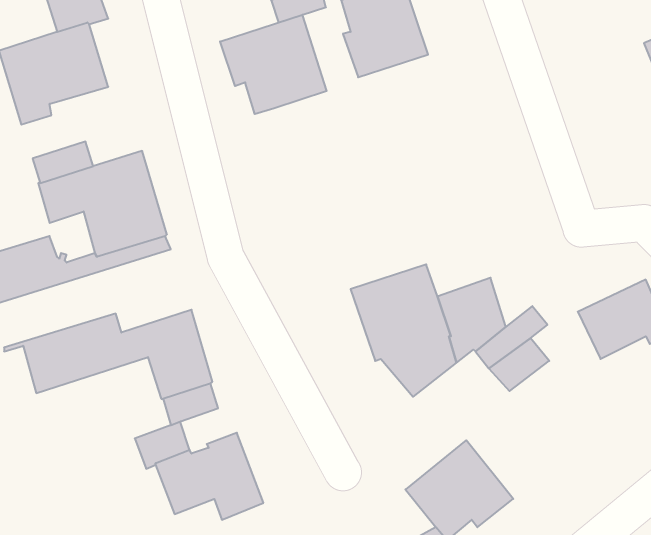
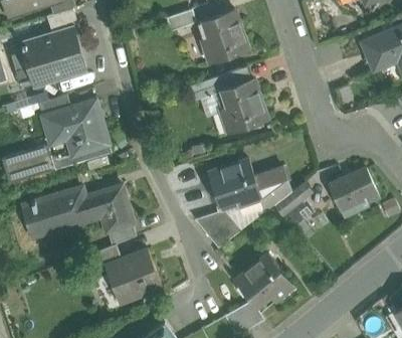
building: [220,15,327,114] -> none
building: none -> [220,77,268,130]
building: none -> [194,210,240,248]

